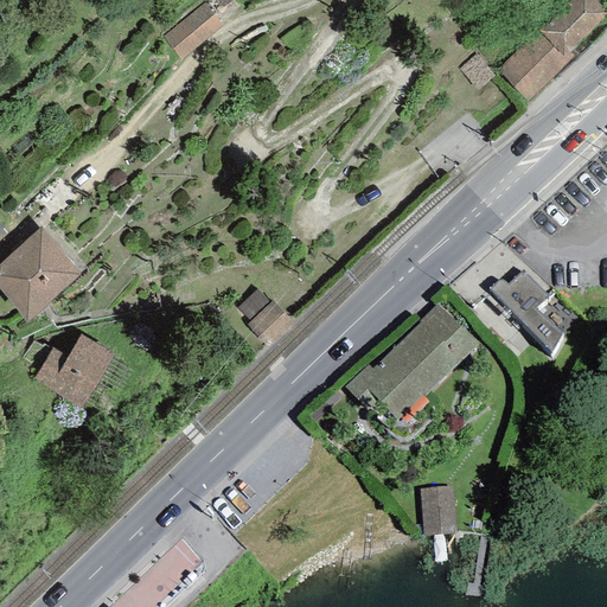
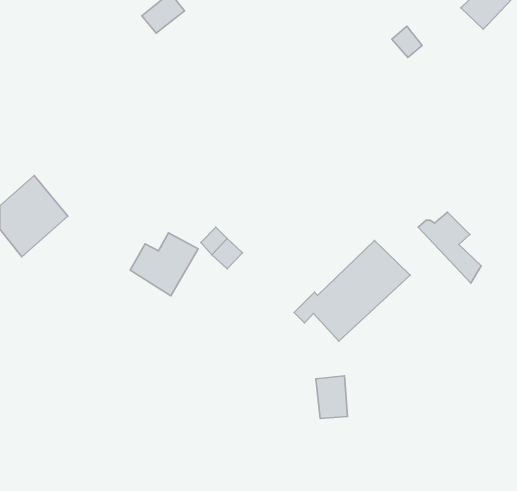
building: [498,30,575,100] -> none
building: [36,333,115,407] -> [130,233,198,296]
building: [420,484,456,533] -> [316,376,347,418]

